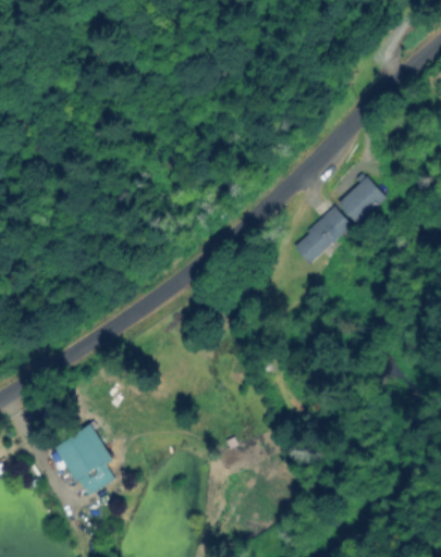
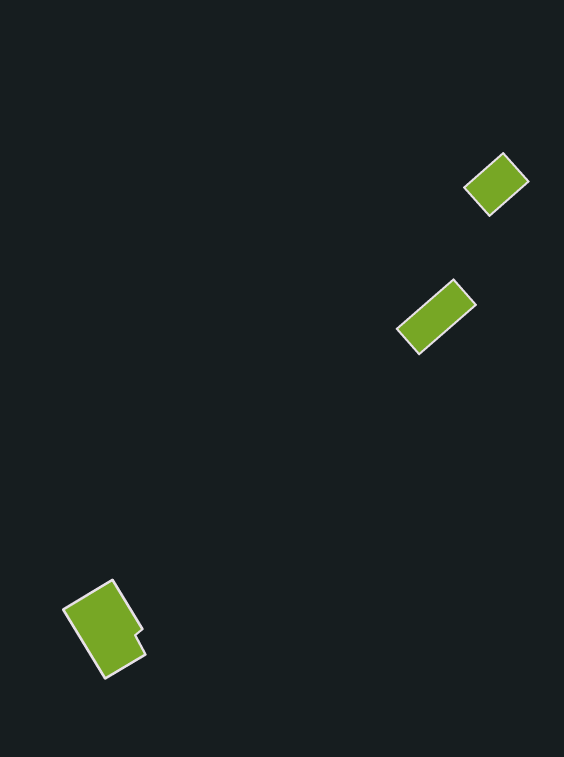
building: [340,176,387,222] -> [464,153,528,216]

